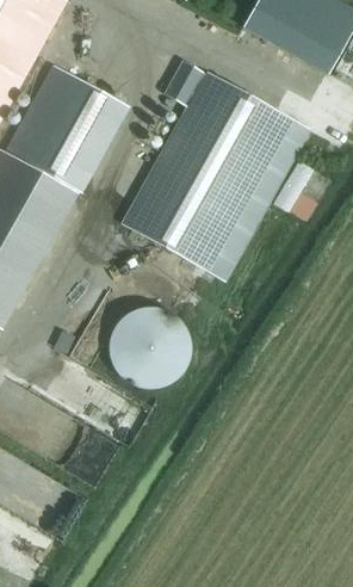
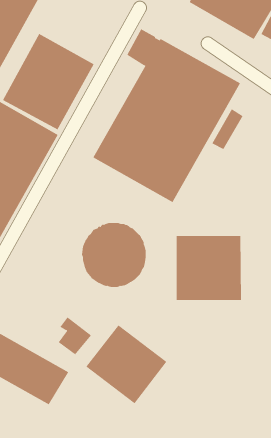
building: none -> [176,235,241,301]
building: none -> [86,325,167,404]

